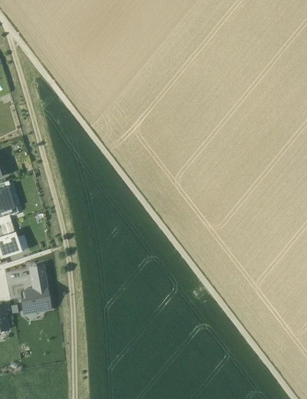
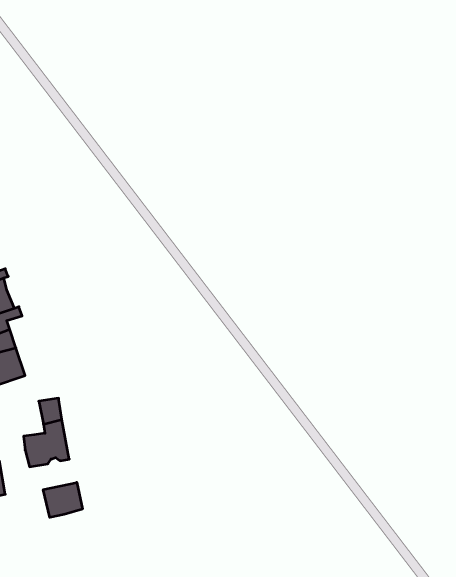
building: none -> [43,482,82,517]

